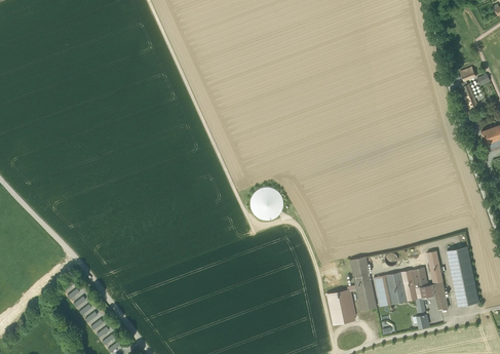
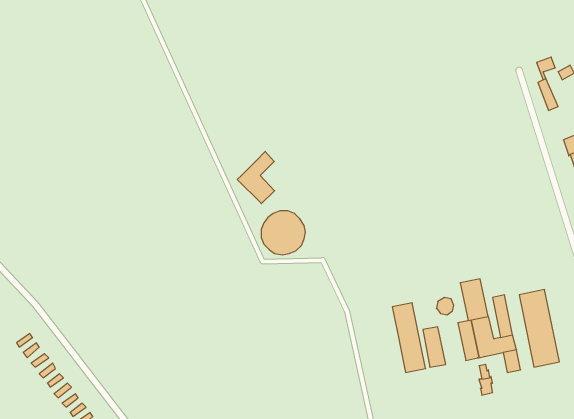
building: none -> [237,151,275,204]
building: [385,272,407,304] -> [460,279,488,320]
building: [326,289,354,324] -> none

